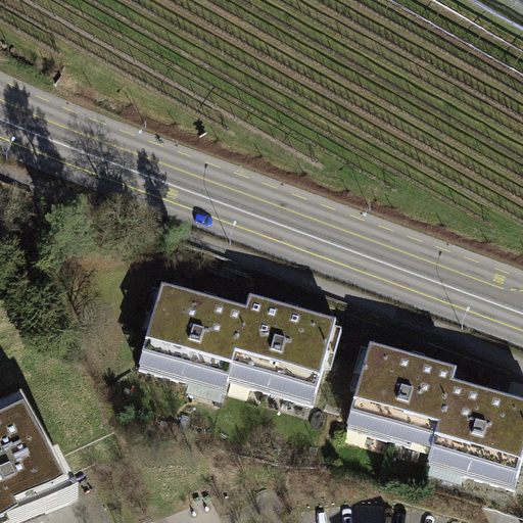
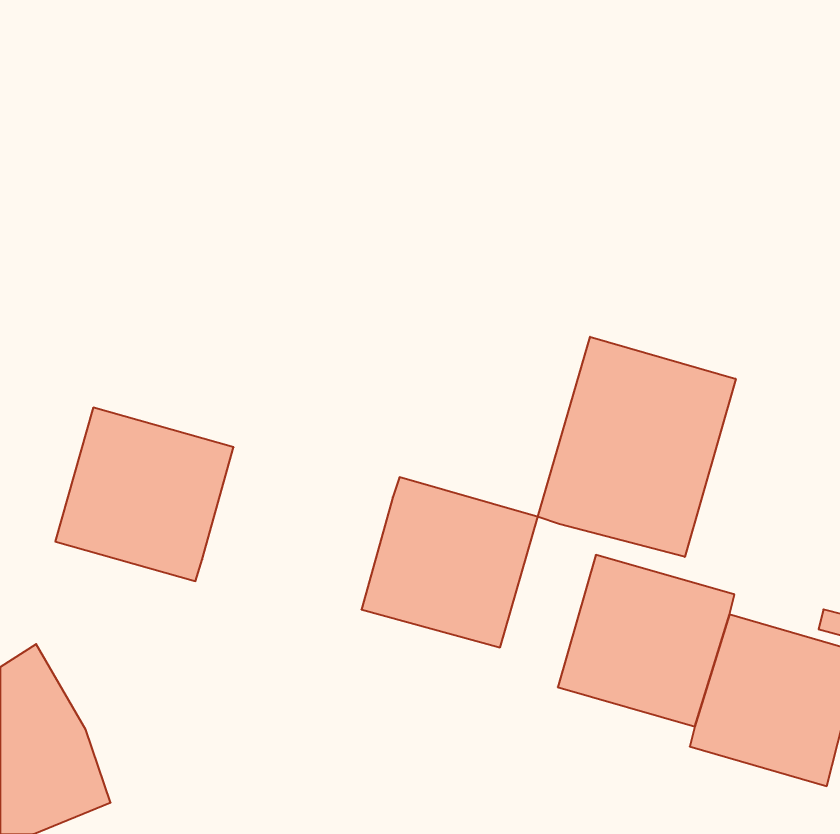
building: none -> [538,337,736,557]
building: [135,283,245,390] -> [55,408,234,581]

